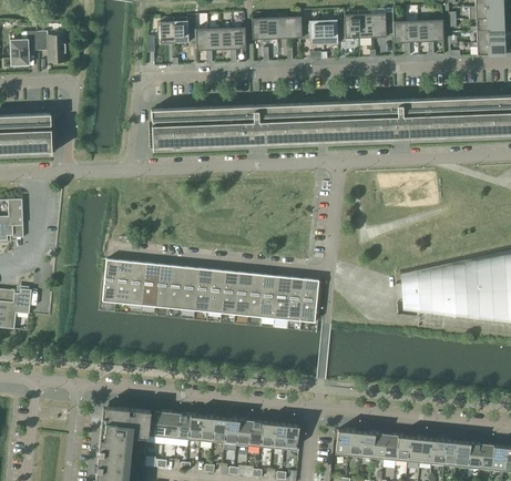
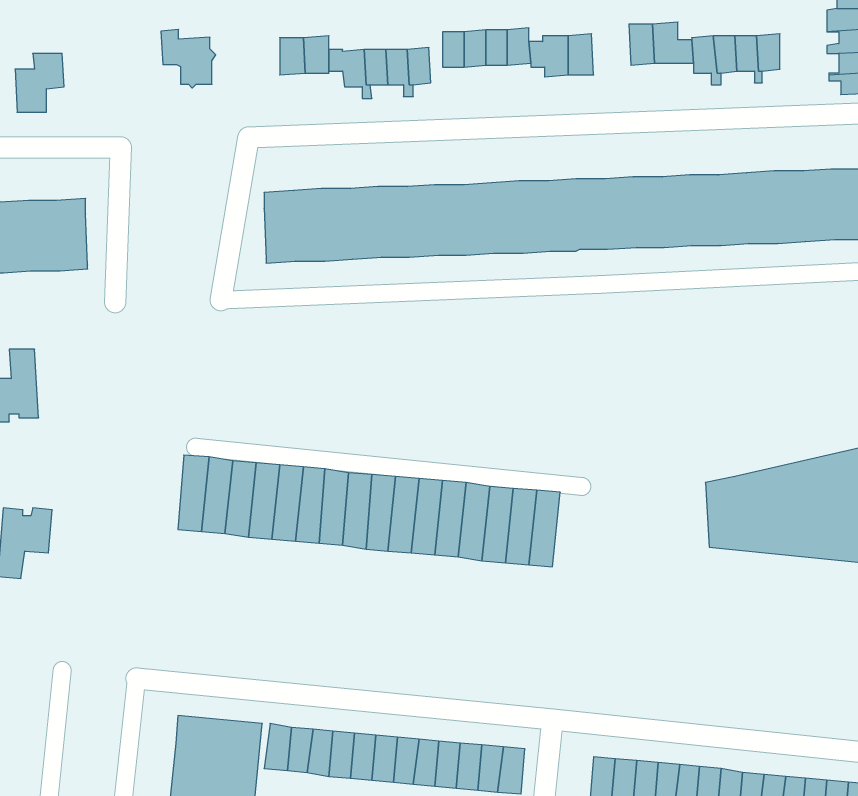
building: [337,14,359,43] -> none
building: [38,30,69,63] -> [161,29,216,88]

